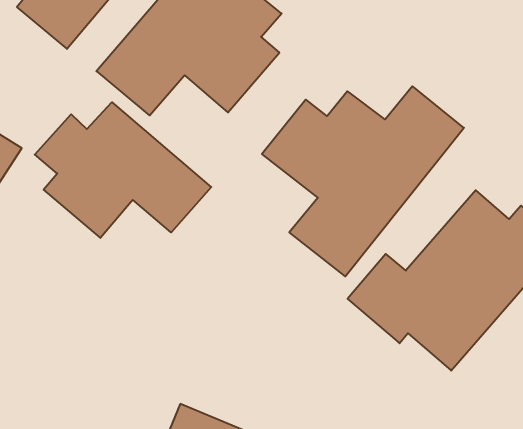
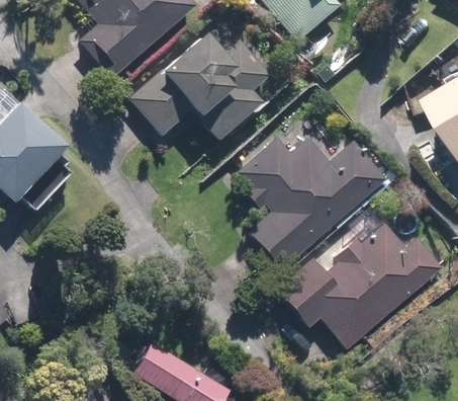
building: [35,102,211,238] -> none

